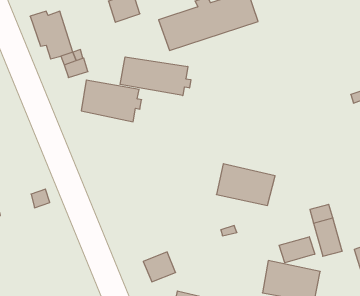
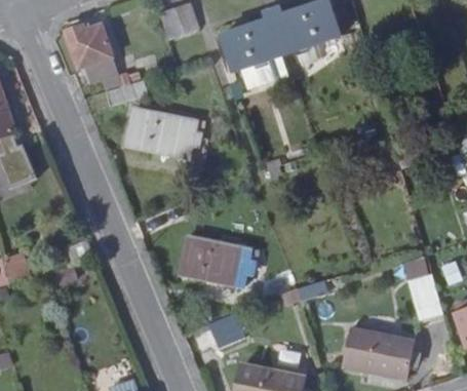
building: [120,57,191,96] -> none
building: [216,164,275,205] -> [182,236,252,286]
building: [279,237,315,263] -> none

